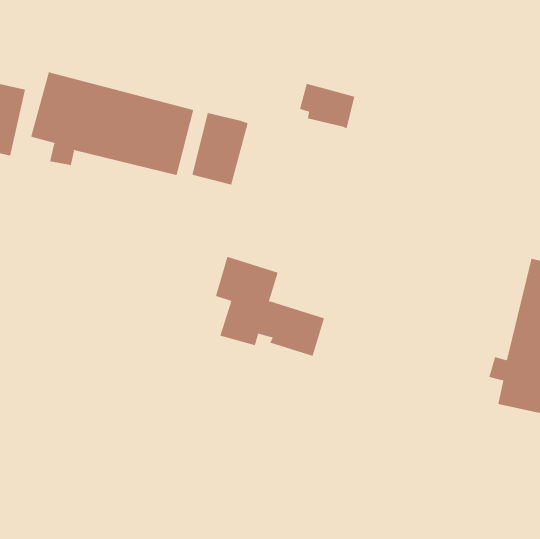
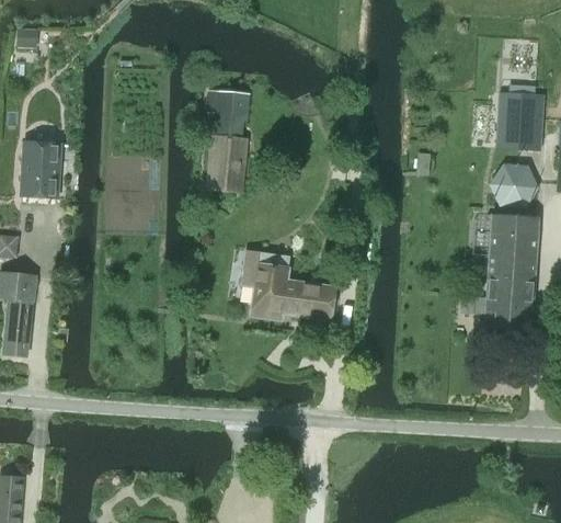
building: [31,71,194,176] -> none
building: [299,83,355,129] -> [205,90,249,122]

